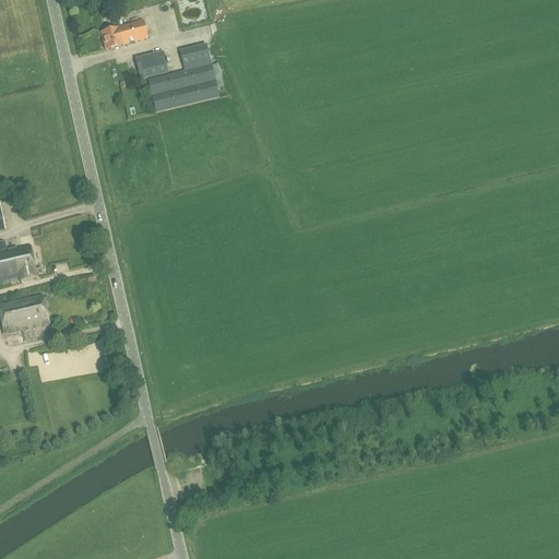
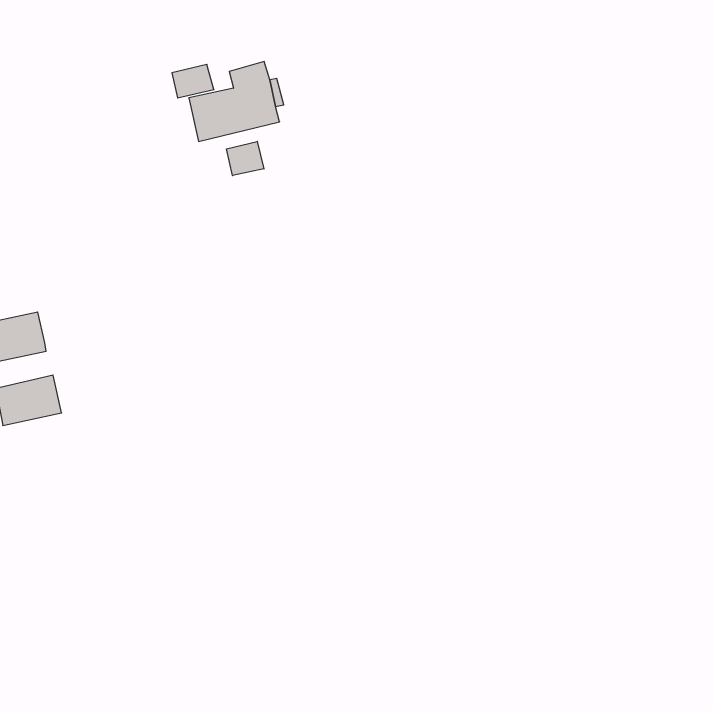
building: [100,19,146,48] -> none
building: none -> [227,141,264,176]

